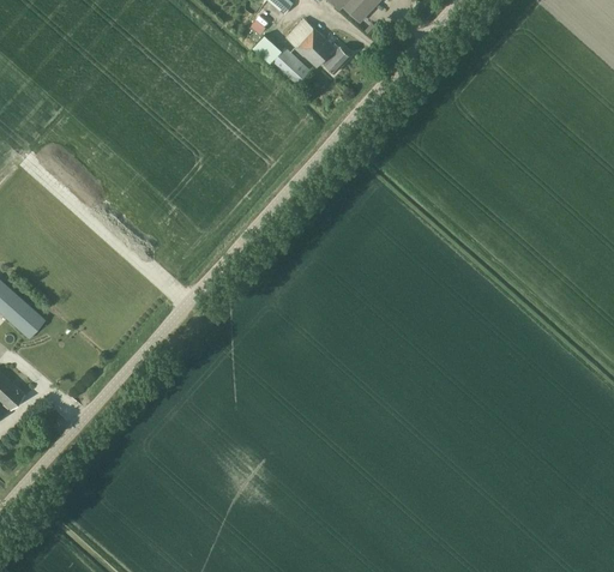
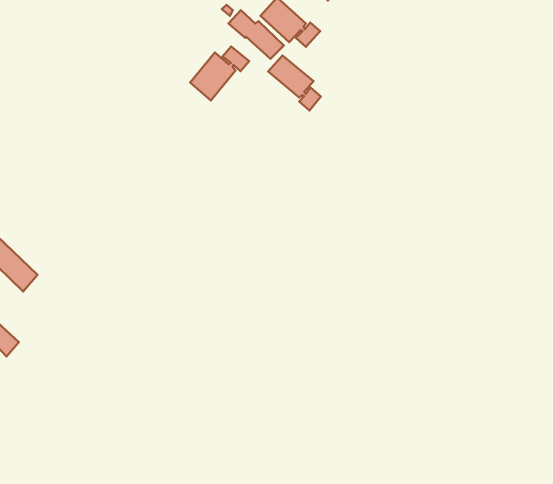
building: none -> [190,47,249,100]
building: none -> [268,55,321,110]

